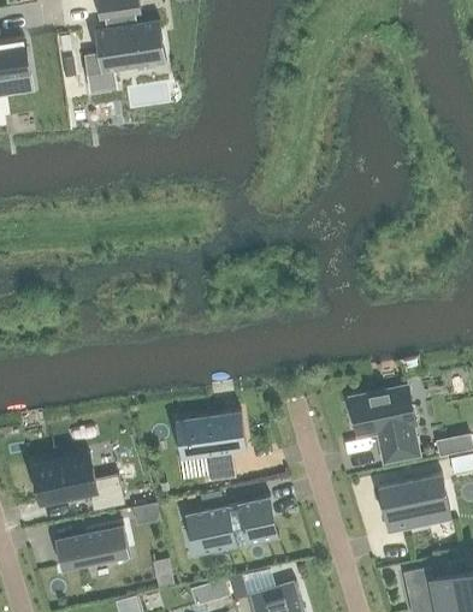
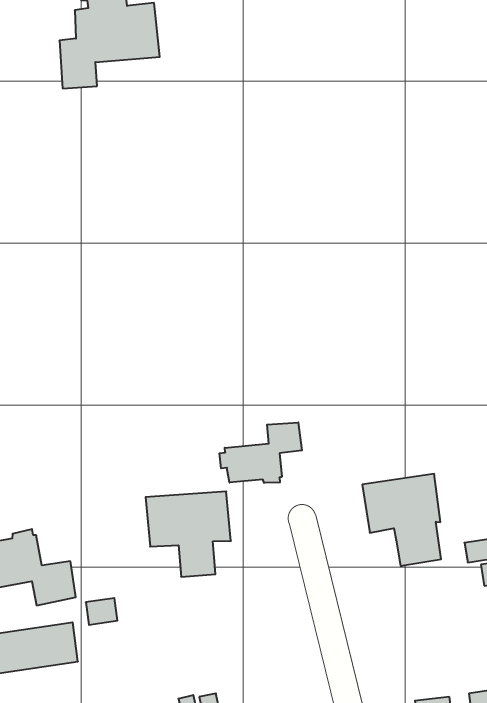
building: none -> [219,422,302,483]
building: [376,473,449,535] -> none
building: [193,497,278,554] -> none

